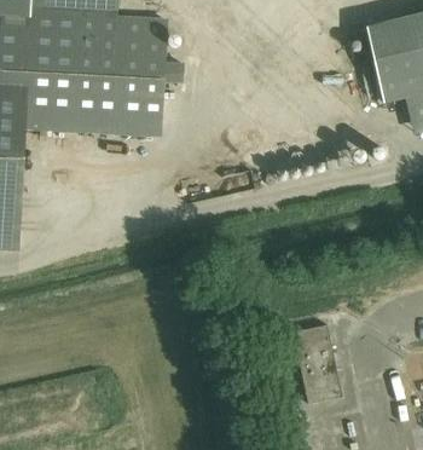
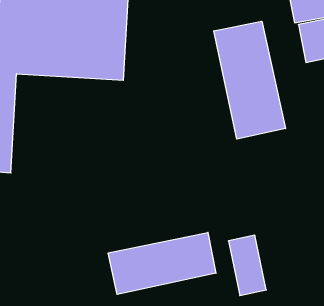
building: none -> [214,21,285,139]
building: none -> [108,232,216,294]

